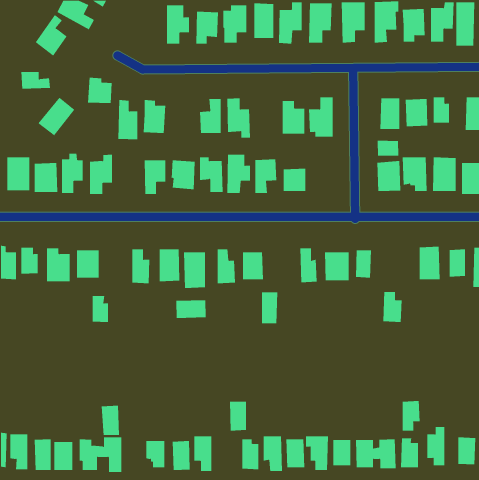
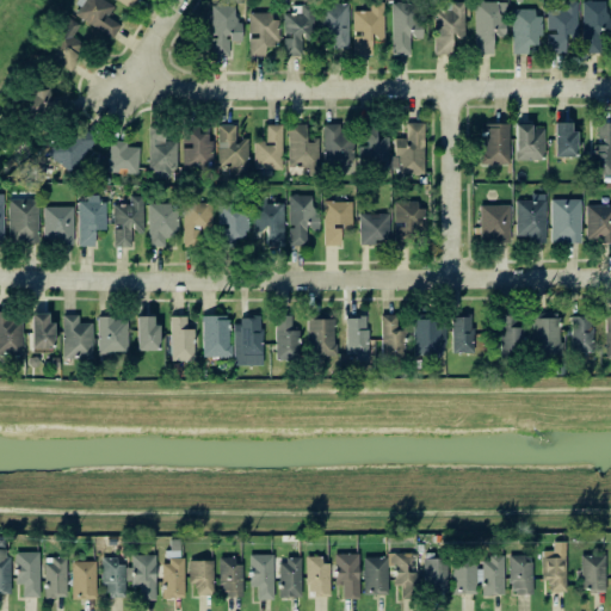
building: [87,77,112,104] -> [109,141,141,174]
building: none -> [323,124,354,168]
building: none -> [218,125,249,175]
building: [377,140,399,157] -> none
building: none -> [149,204,178,247]
building: none -> [395,204,426,245]
building: [383,291,402,322] -> [500,316,525,356]
building: [261,292,278,324] -> [347,317,369,358]
building: [92,295,109,323] -> [134,316,155,351]
building: [176,300,206,319] -> none
building: [402,400,420,431] -> none
building: [229,401,247,431] -> [279,560,302,598]
building: [101,405,120,435] -> [161,560,185,598]

